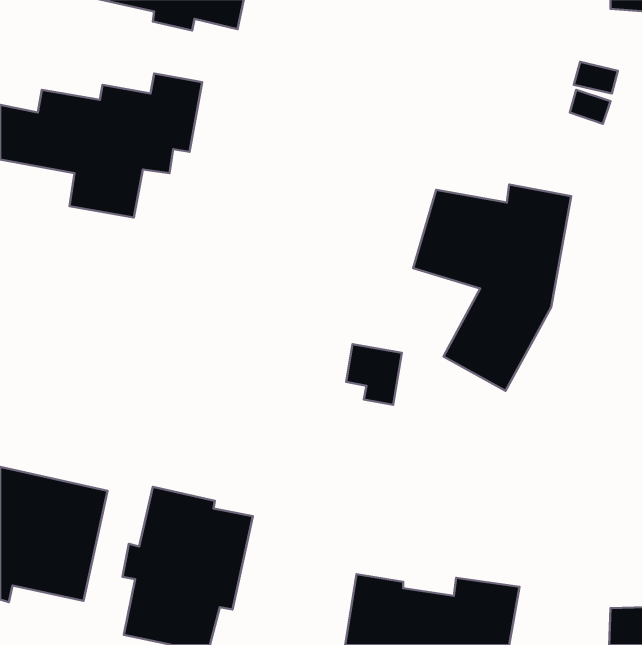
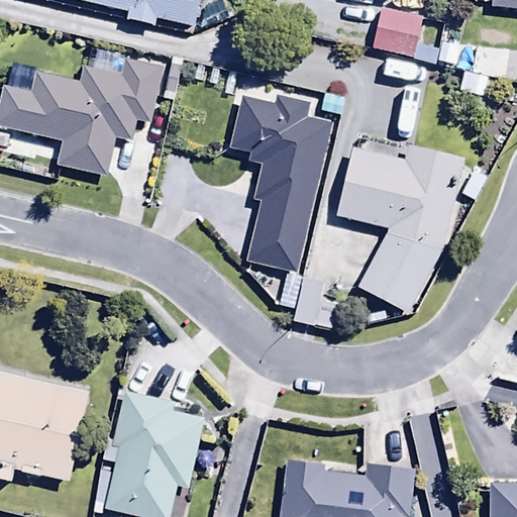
building: none -> [375,8,423,58]
building: none -> [228,95,330,275]

